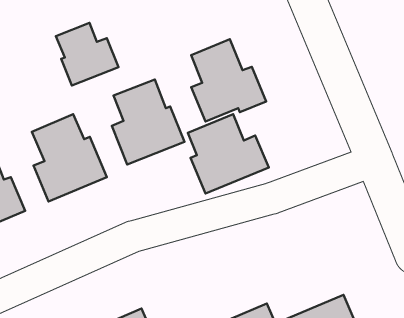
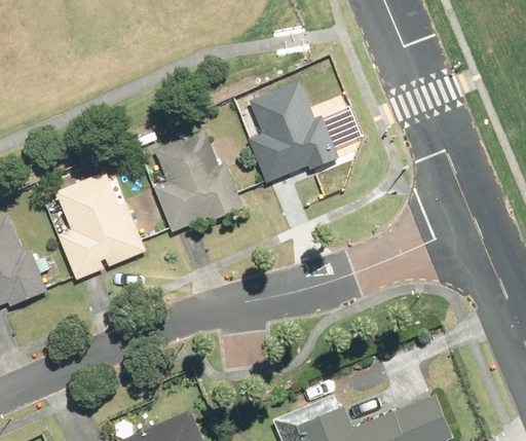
building: [56,23,119,86] -> none
building: [188,114,269,194] -> none

